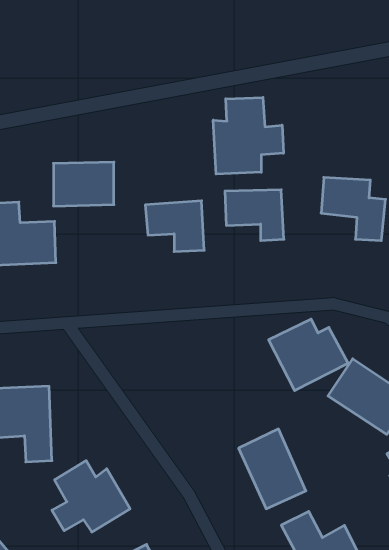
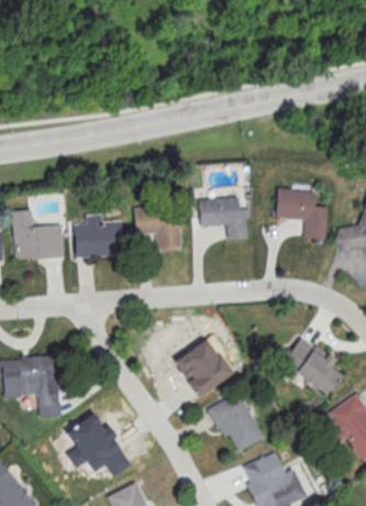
building: [213,97,283,174] -> none
building: [53,162,114,206] -> [74,221,122,256]
building: [269,319,348,391] -> [174,340,237,397]

